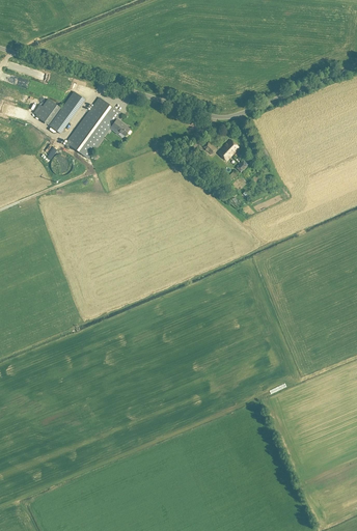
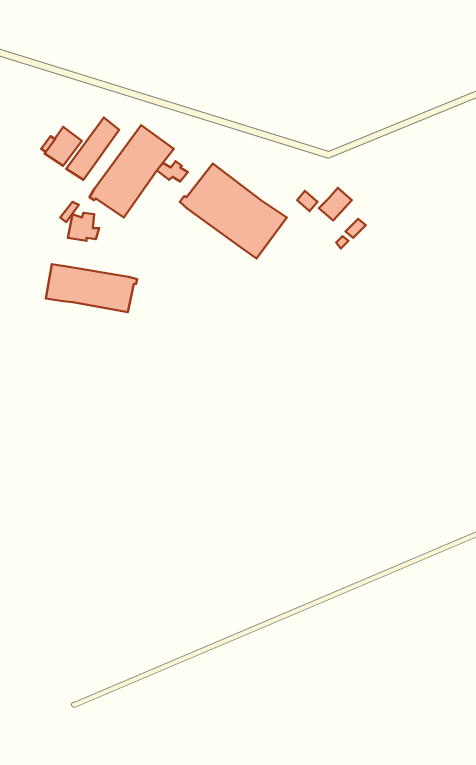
building: none -> [180,164,287,259]
building: none -> [46,264,137,312]

